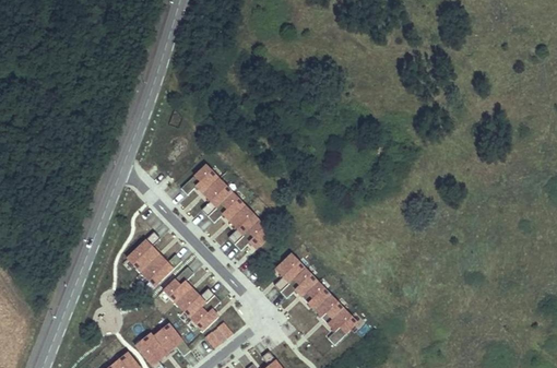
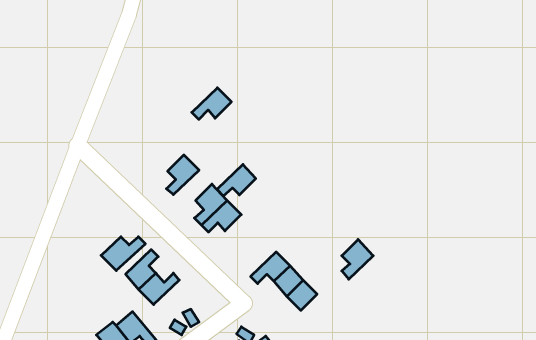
building: [180,164,217,193] -> [192,88,231,119]
building: [208,191,244,221] -> [217,164,256,196]
building: [126,230,159,271] -> none
building: [273,252,304,290] -> none
building: [189,294,220,330] -> none
building: [327,307,356,344] -> [342,239,373,279]

